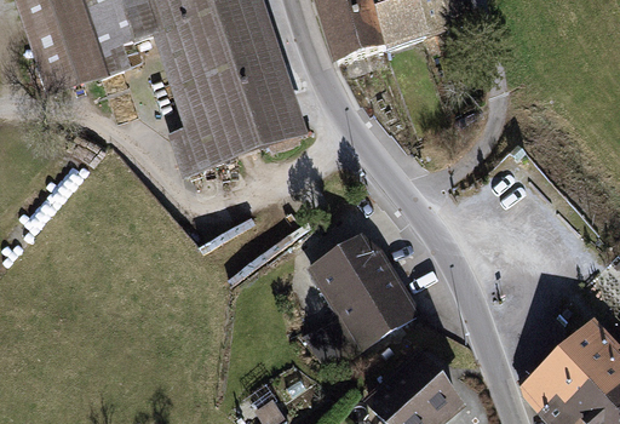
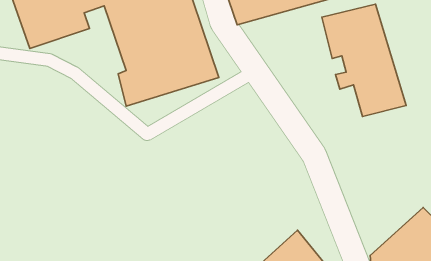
building: none -> [322,4,406,116]
building: [304,230,419,348] -> none

